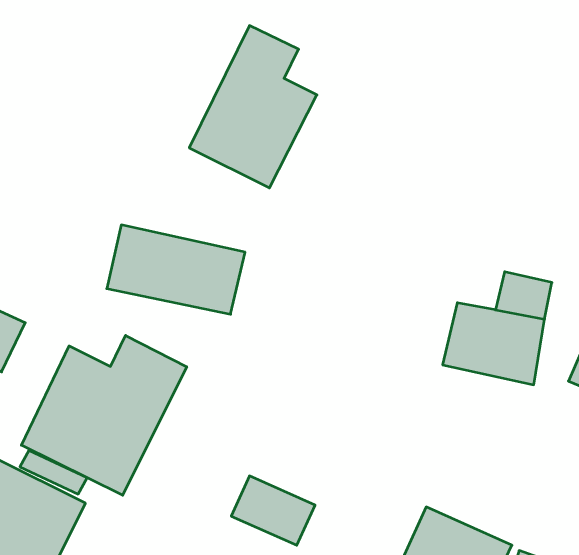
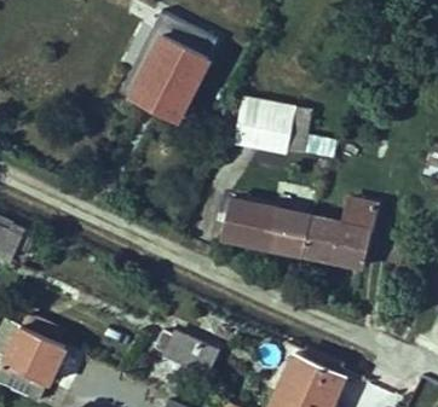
building: none -> [225,94,312,146]
building: [107,225,245,314] -> [220,197,312,256]
building: [21,335,187,495] -> none

